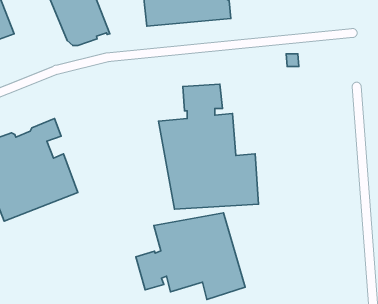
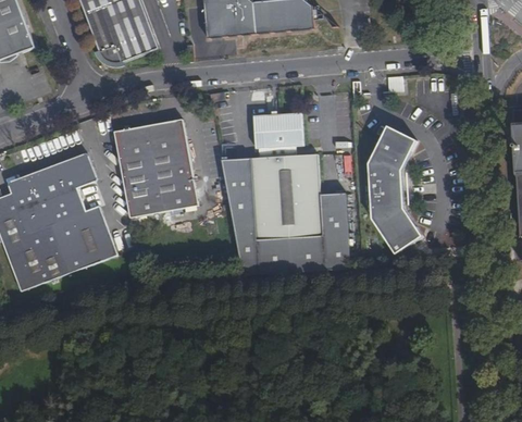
building: none -> [113,117,198,215]
building: none -> [368,123,422,251]
building: [136,213,245,299] -> none

